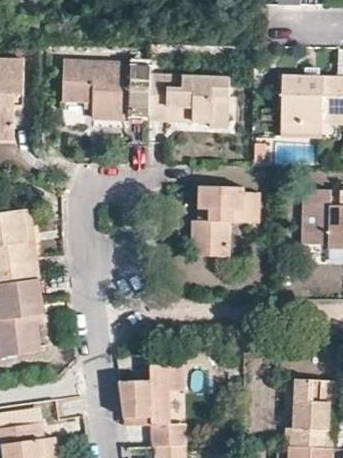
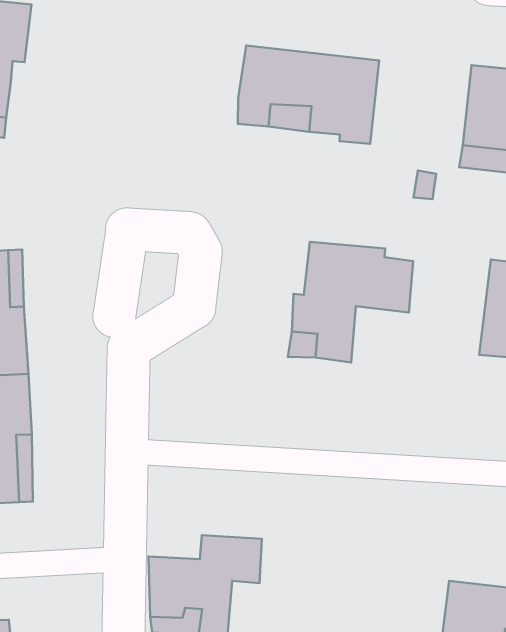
building: [62,63,150,121] -> none

